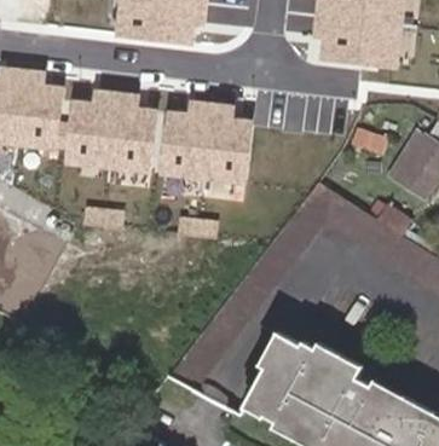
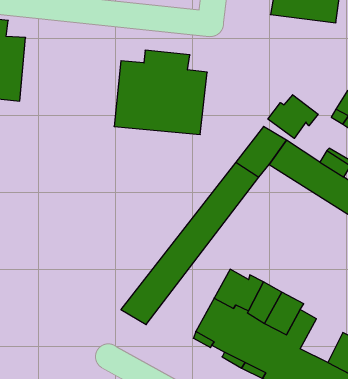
building: [62,88,160,178] -> none
building: none -> [268,95,318,138]
building: [354,382,399,428] -> none

